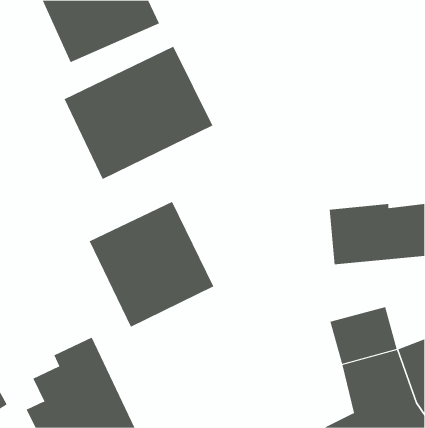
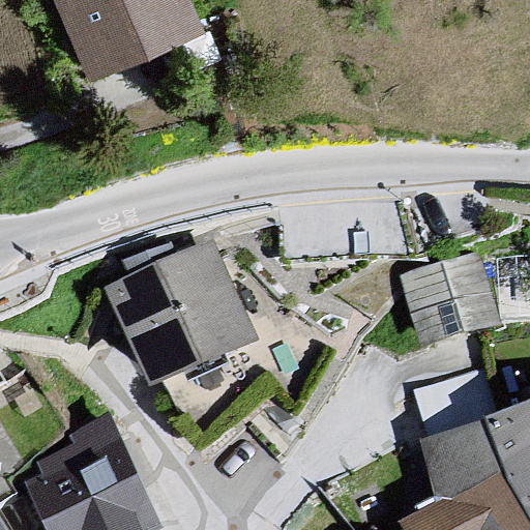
building: [64,46,213,180] -> none

